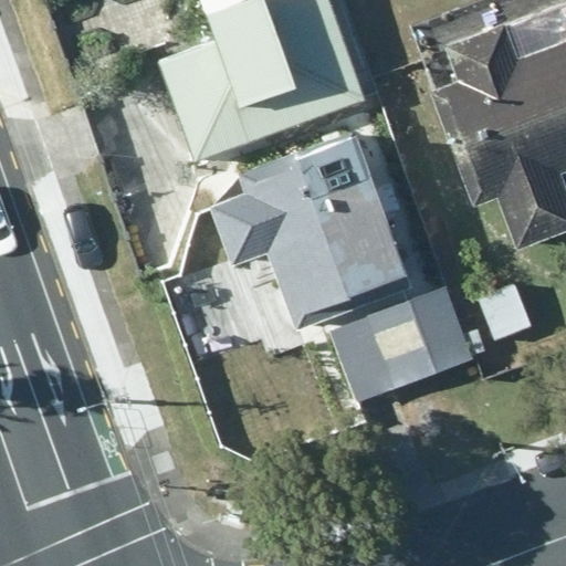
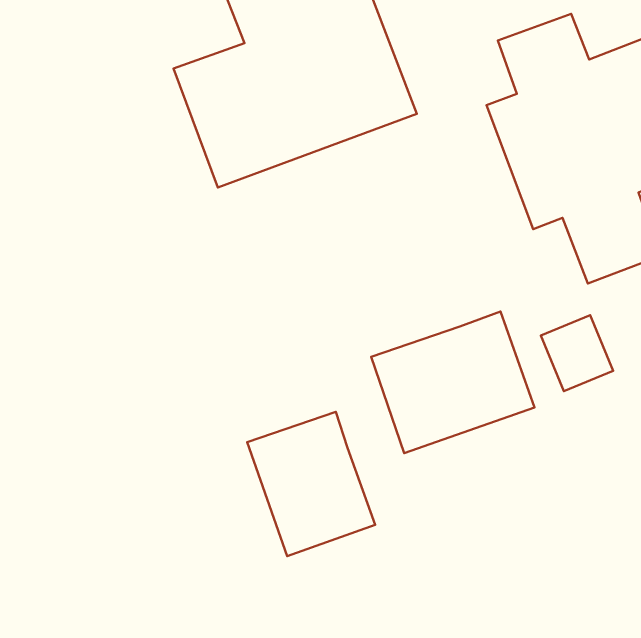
building: [202,137,407,329] -> none
building: none -> [247,412,375,556]

